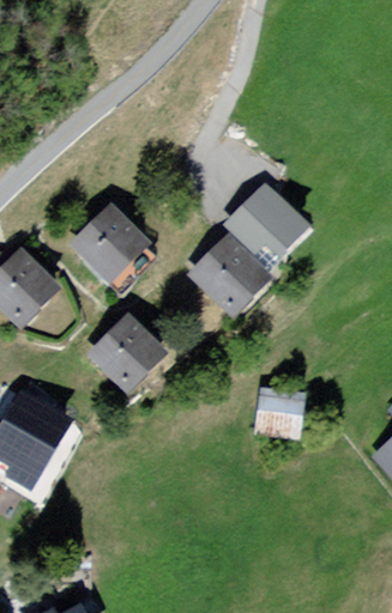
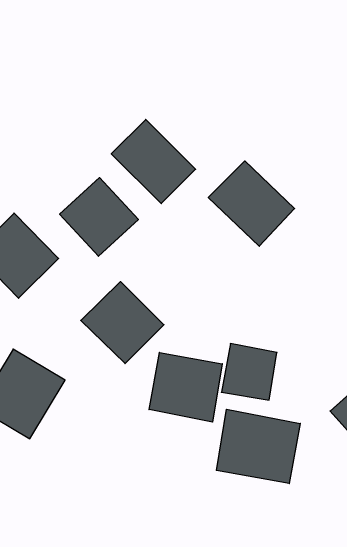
building: [187,232,278,323] -> [111,119,196,204]
building: none -> [149,352,222,422]
building: none -> [216,409,300,484]

